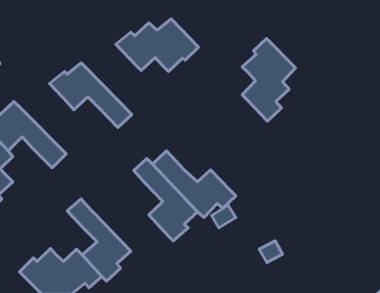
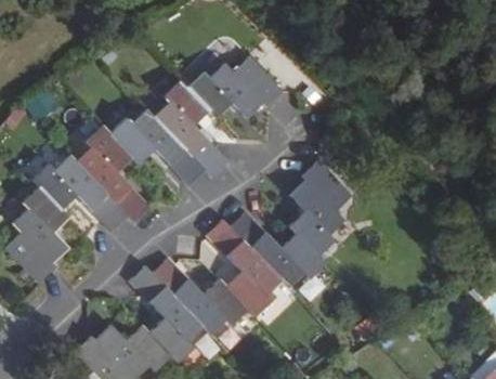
building: none -> [152,81,227,178]
building: [242,39,296,121] -> [289,161,351,257]
building: none -> [76,127,151,221]
building: none -> [152,258,247,335]

